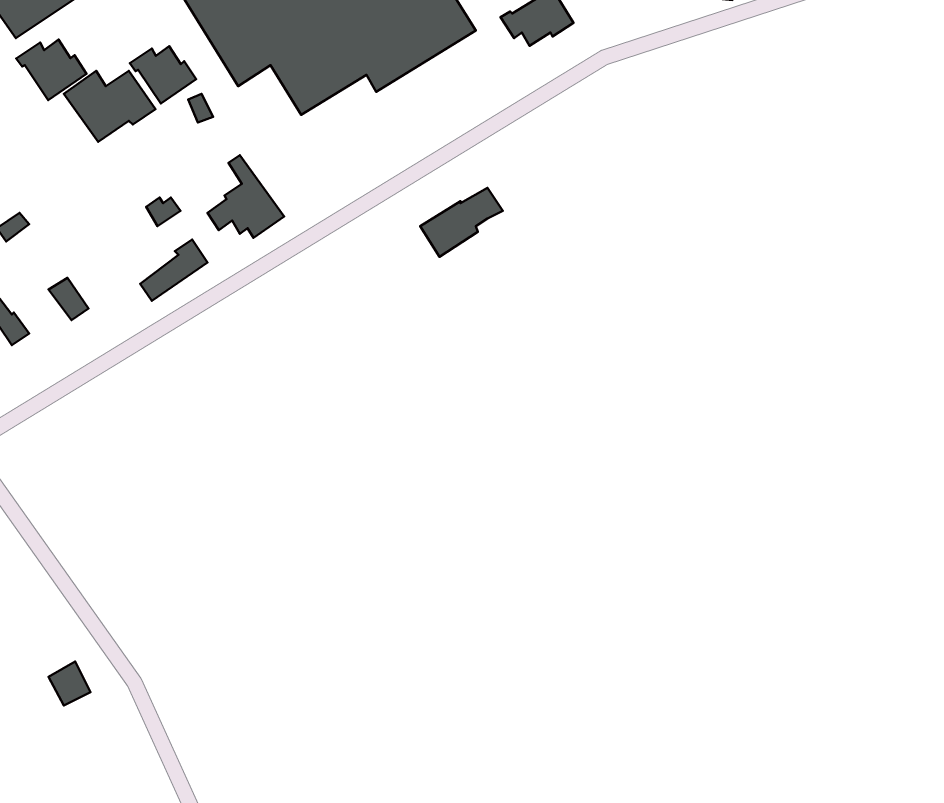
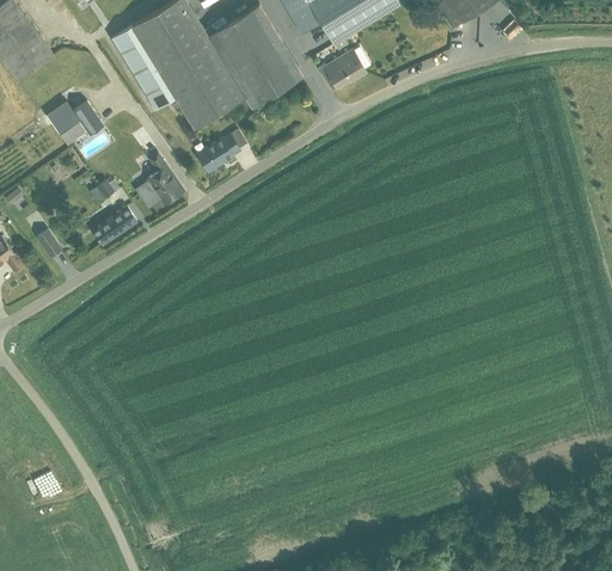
building: [16,40,87,100] -> none
building: [130,46,196,104] -> none
building: [420,188,503,257] -> [196,129,247,172]

